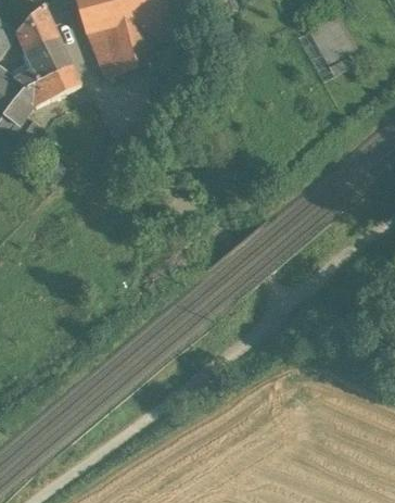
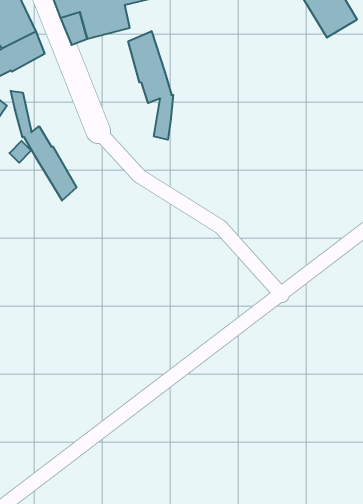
building: none -> [128,31,173,140]
building: none -> [11,91,76,201]

